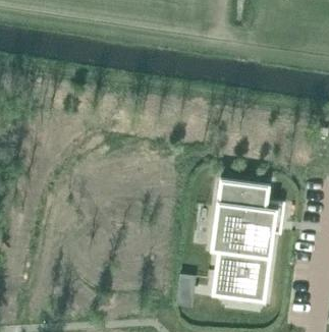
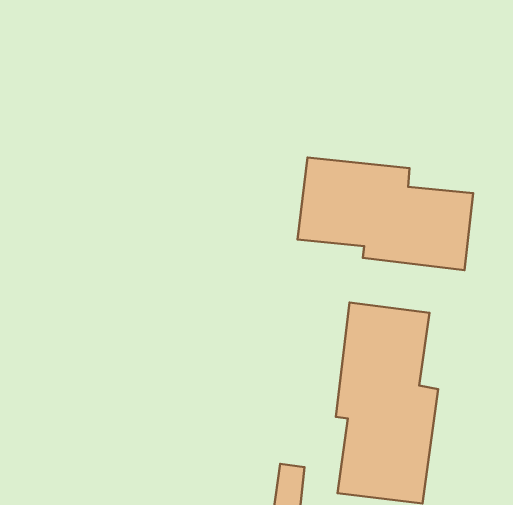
building: none -> [298,158,473,270]

